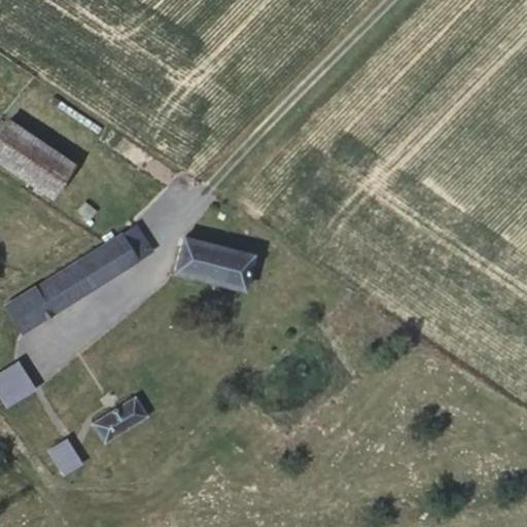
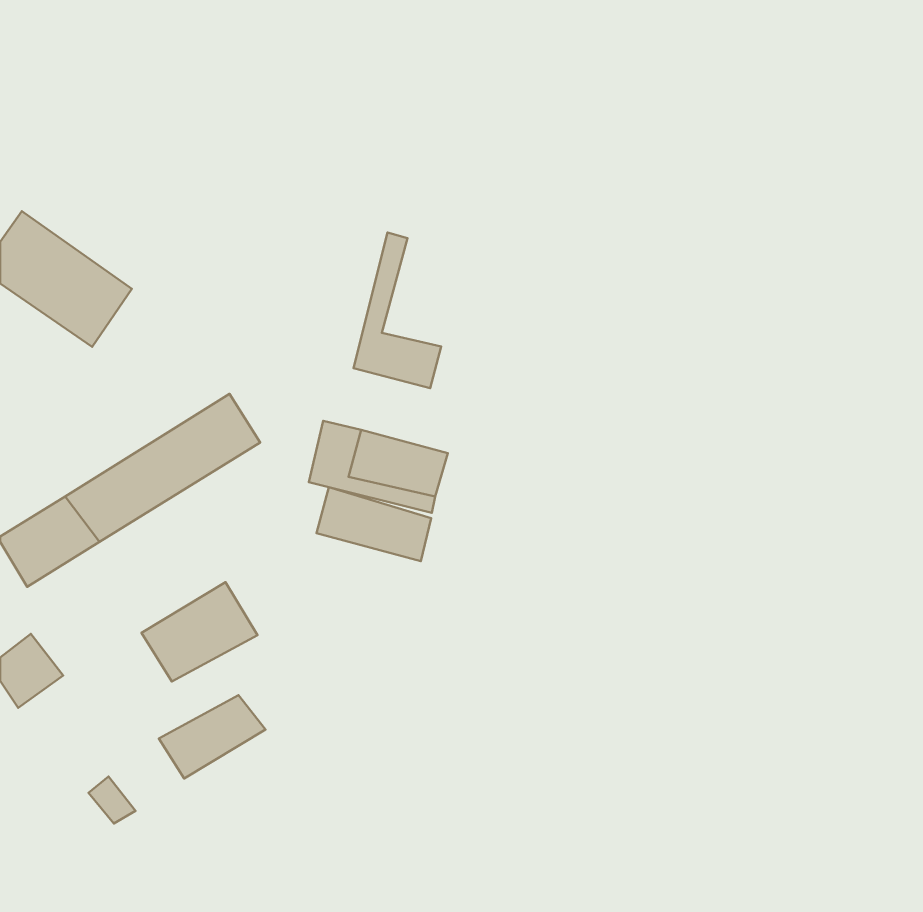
building: none -> [354,232,441,388]
building: none -> [316,487,431,561]
building: none -> [142,582,257,681]

